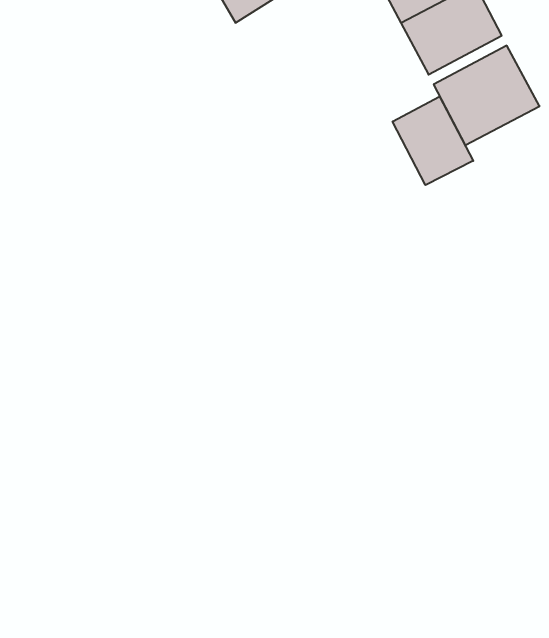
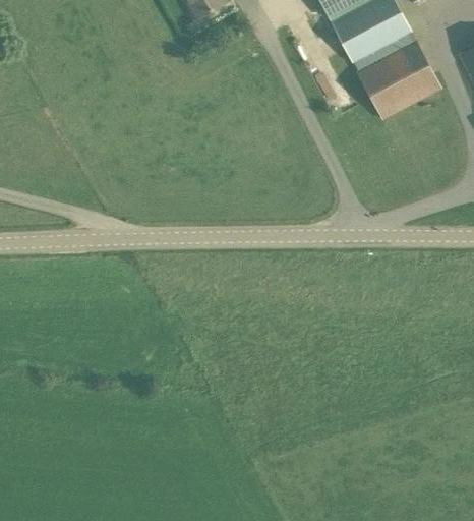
building: [393,97,473,185] -> none

